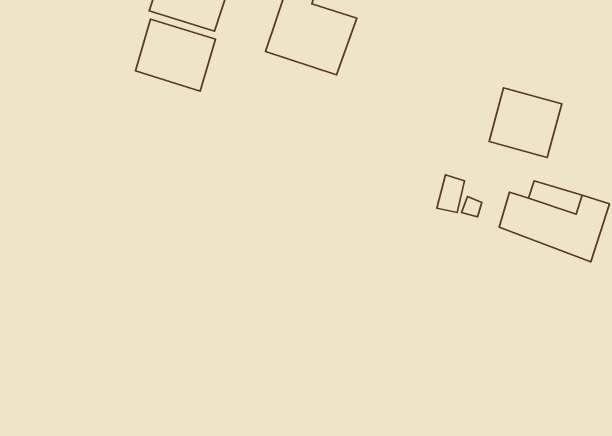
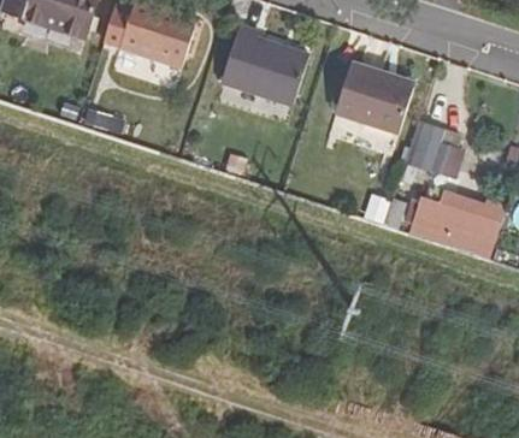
building: [135,19,215,91] -> none
building: none -> [336,67,412,132]

